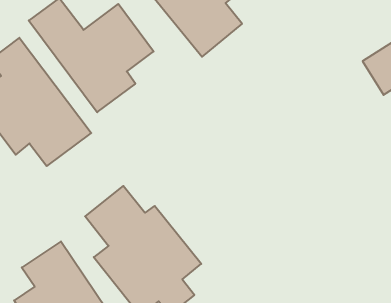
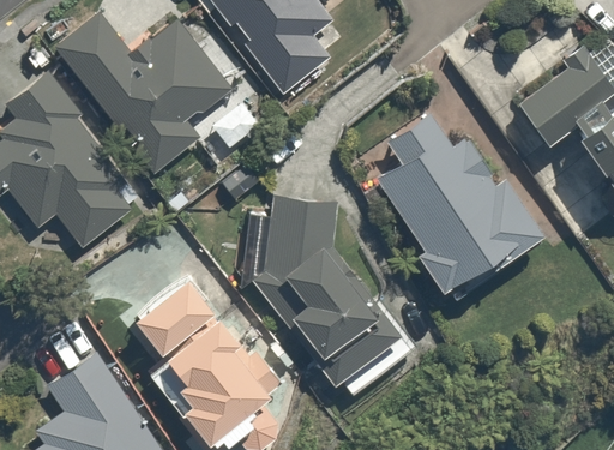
building: none -> [373,108,542,290]
building: none -> [253,196,415,396]

